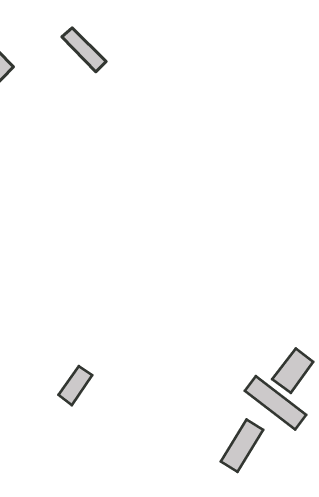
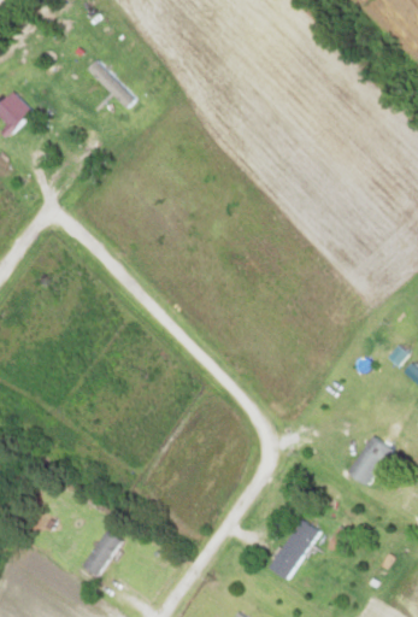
building: [58,366,92,405] -> [82,530,122,576]
building: [245,376,306,430] -> none

